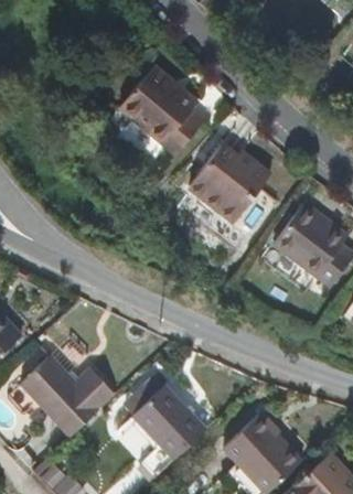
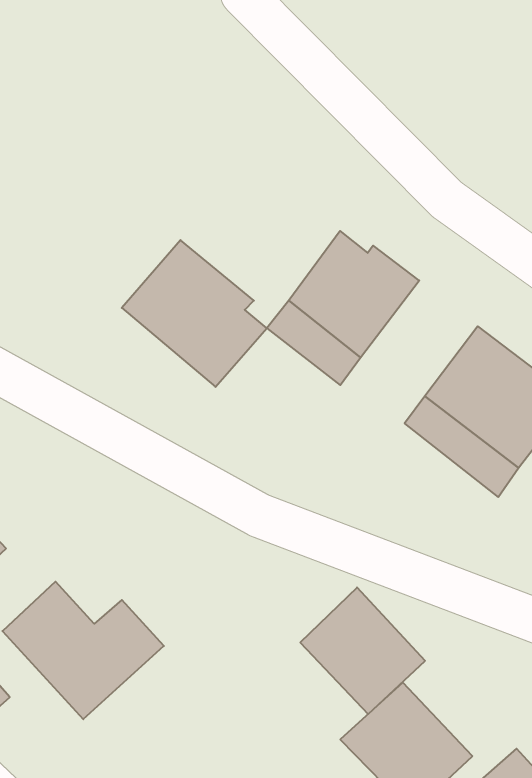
building: [119,65,206,153] -> [122,240,267,387]
building: [132,384,207,460] -> [300,587,425,714]

